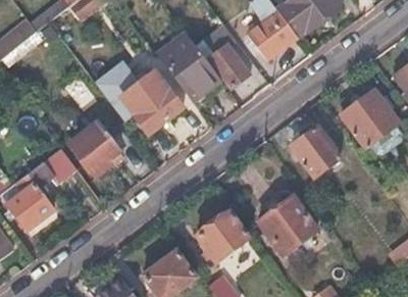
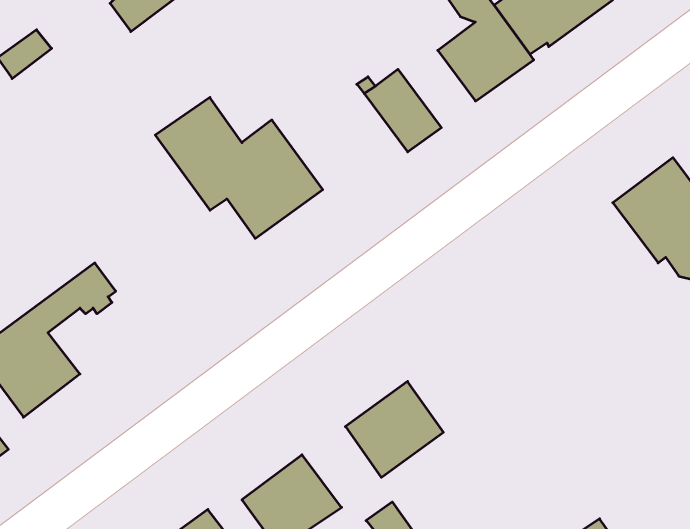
building: [155,32,219,100] -> none
building: [69,119,120,176] -> none
building: [290,127,340,179] -> none
building: [259,197,316,255] -> none

